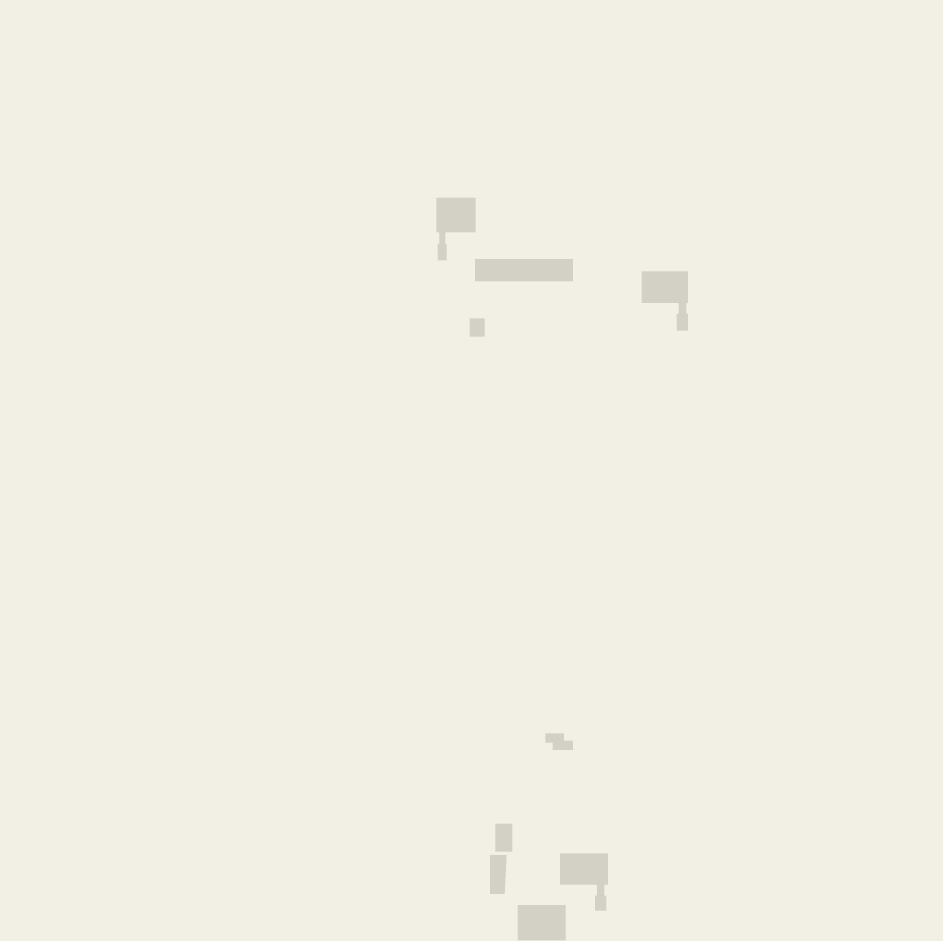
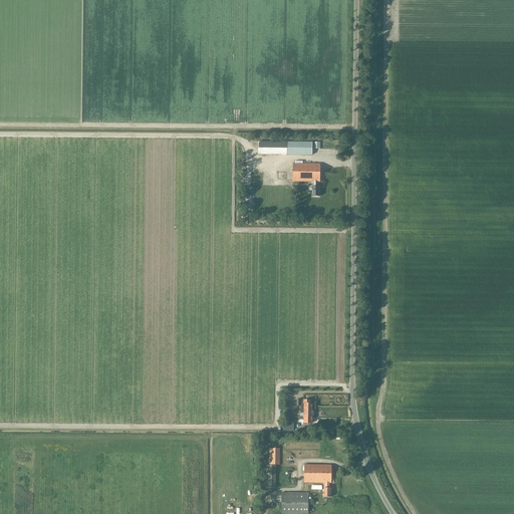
building: [435,197,477,261] -> none
building: [641,270,689,331] -> [293,163,319,196]

